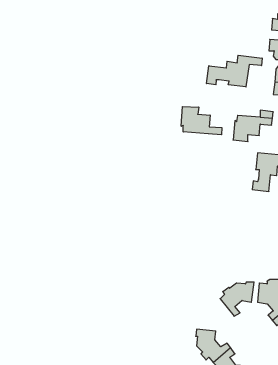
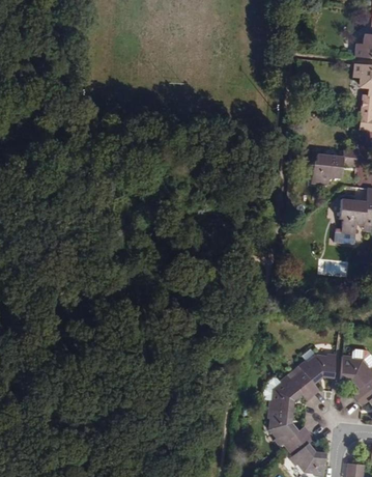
building: [207,55,262,87] -> none
building: [181,107,222,135] -> none
building: none -> [261,373,312,412]

